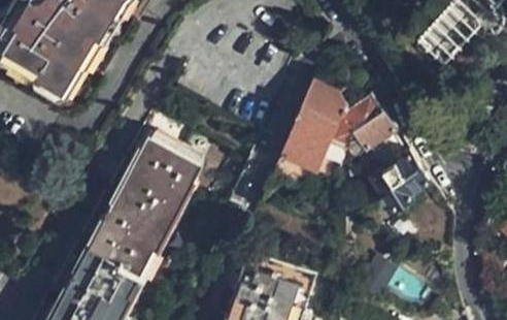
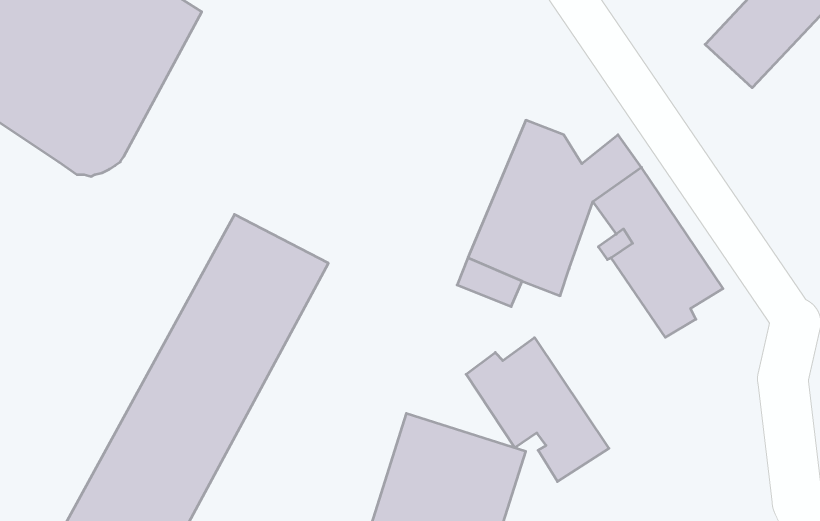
building: none -> [466,338,609,482]

